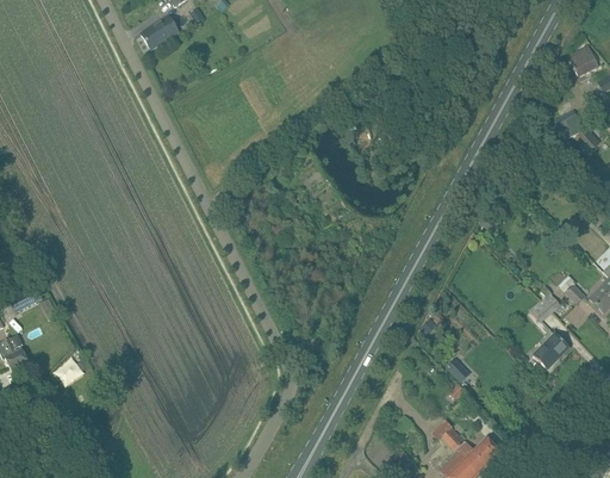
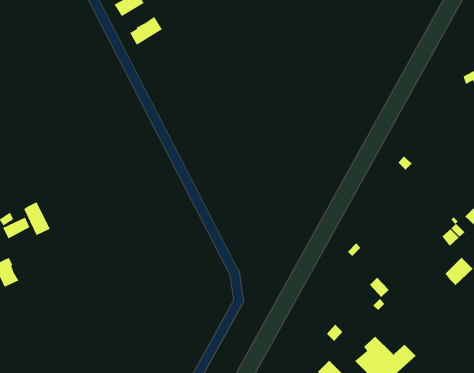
building: none -> [129,16,163,46]
building: none -> [23,201,51,236]

